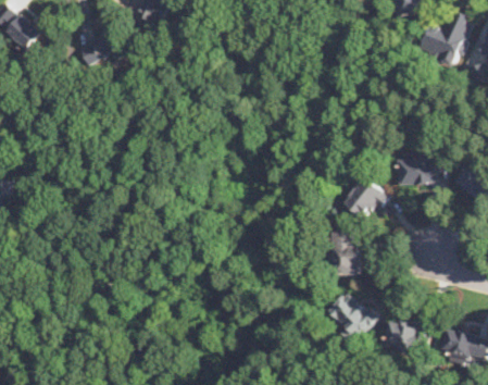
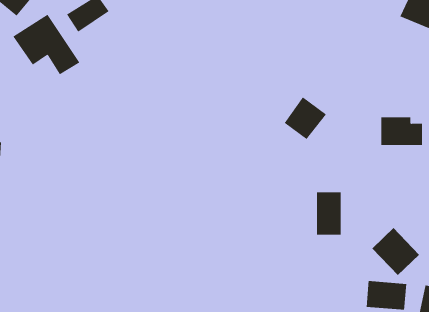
building: none -> [13,14,80,75]
building: [342,175,387,220] -> [284,96,327,140]
building: [325,289,375,339] -> [371,227,420,276]

